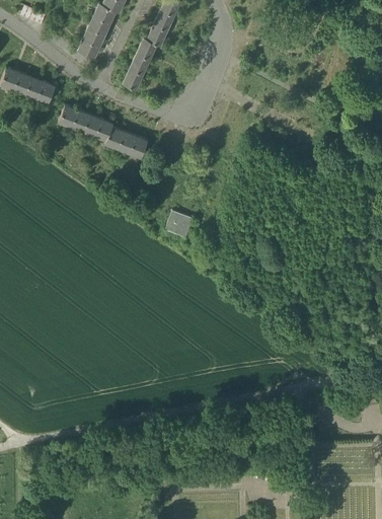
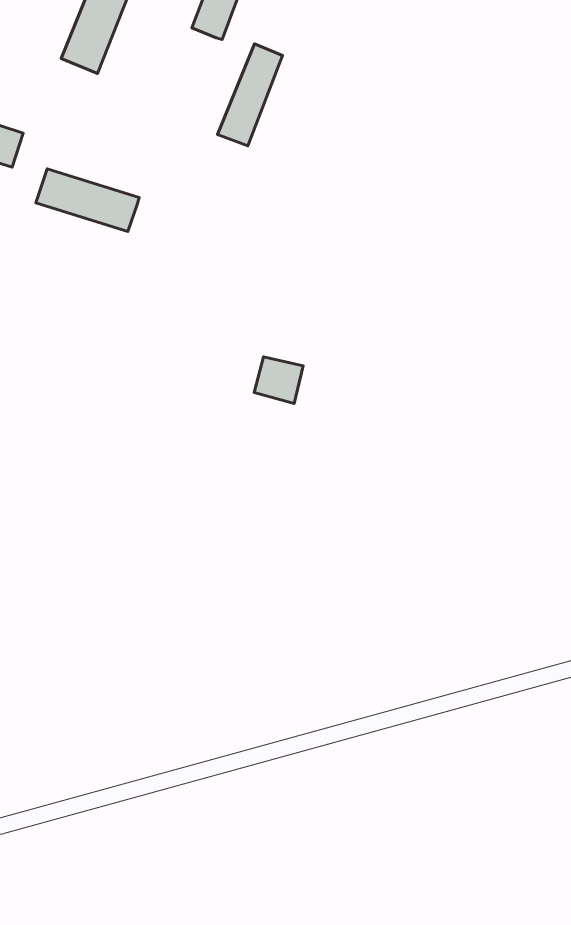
building: [122,36,158,89] -> [218,44,283,146]
building: [104,127,148,159] -> none

